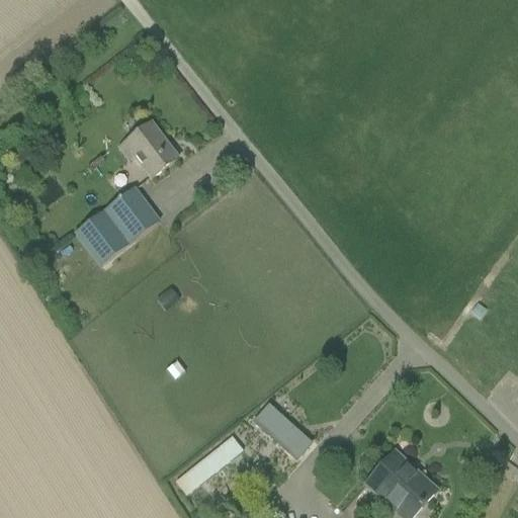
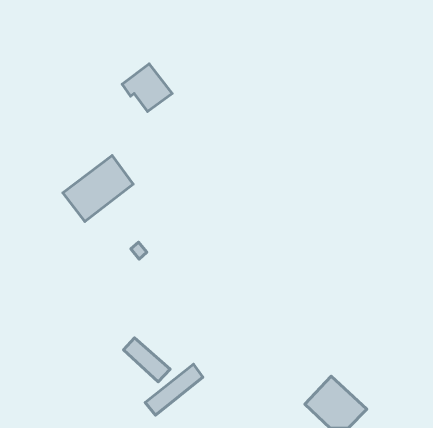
building: [119,120,179,177] -> [122,64,172,111]
building: [256,405,312,457] -> [123,338,170,382]

